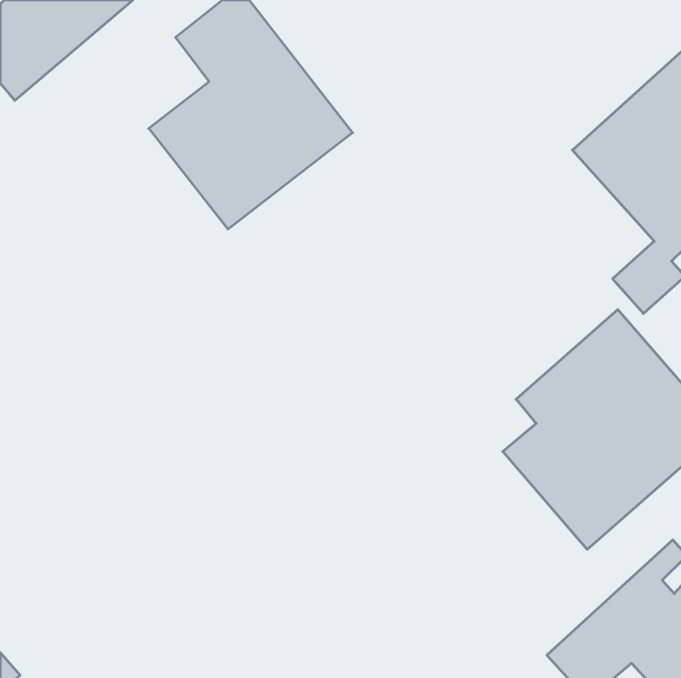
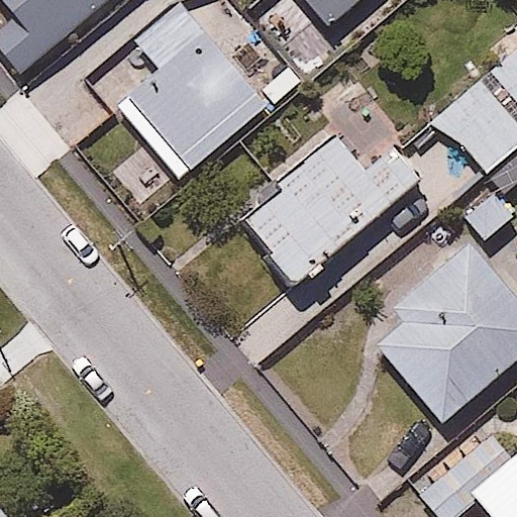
building: none -> [236,130,424,287]

